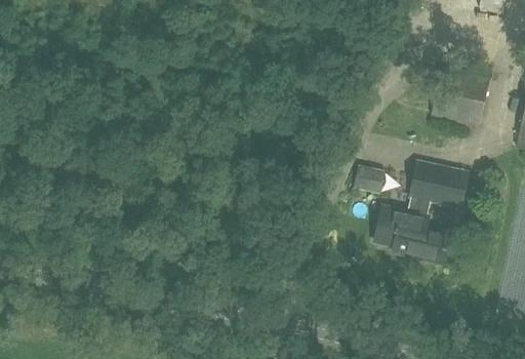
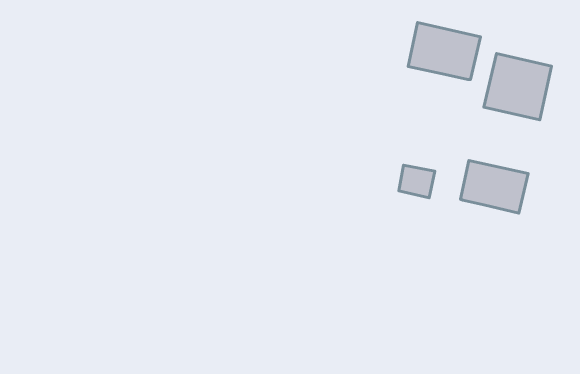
building: none -> [408,22,480,79]
building: [373,195,451,265] -> none

